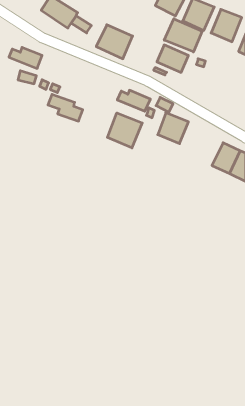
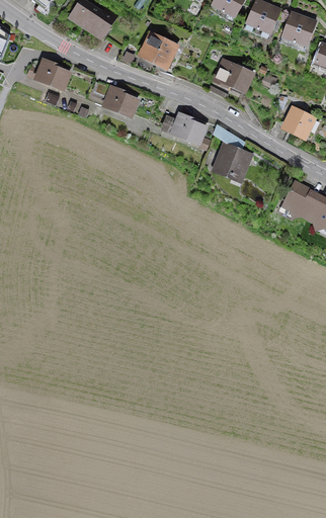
building: [164,19,202,52] -> none
building: none -> [278,107,318,146]
building: [48,94,83,121] -> [91,80,135,113]
building: [107,113,142,148] -> none

